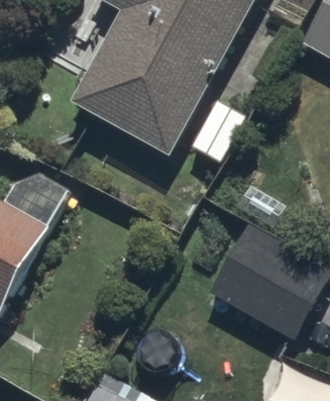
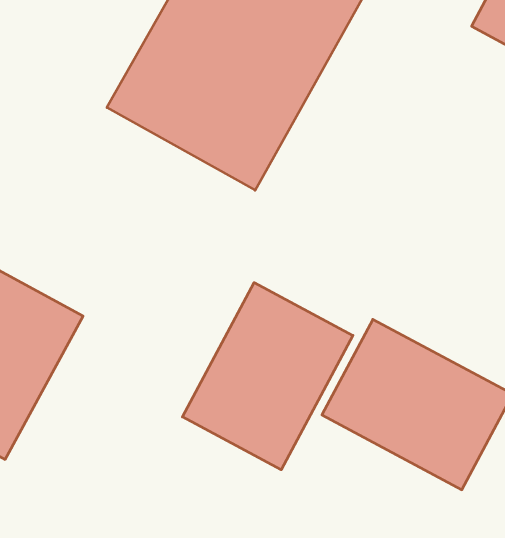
building: none -> [182,283,353,470]

